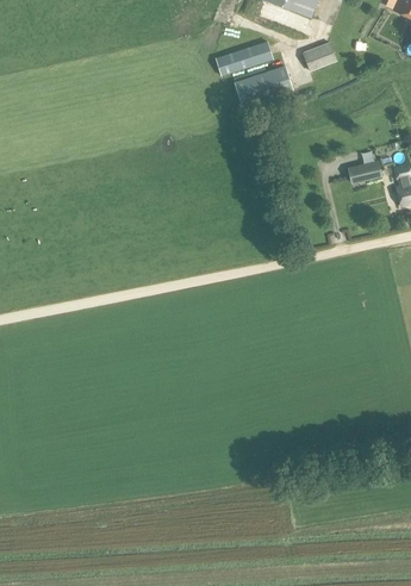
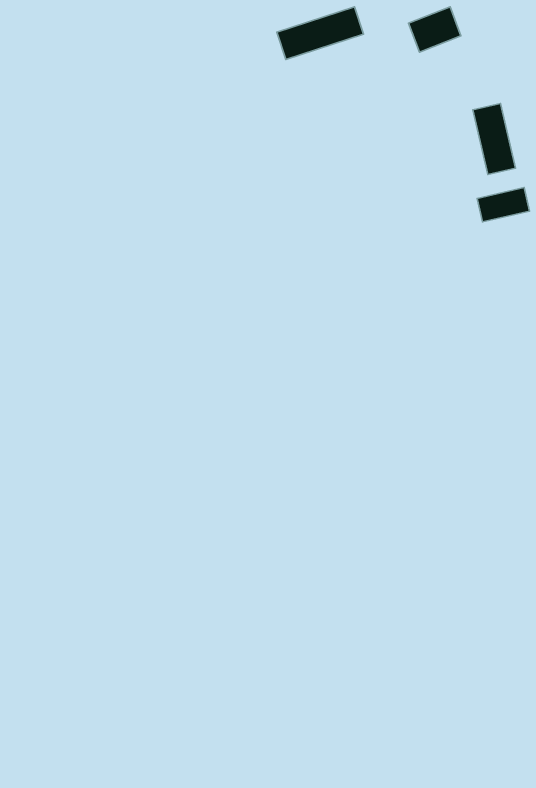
building: [235,63,292,104] -> none
building: none -> [473,103,516,174]

